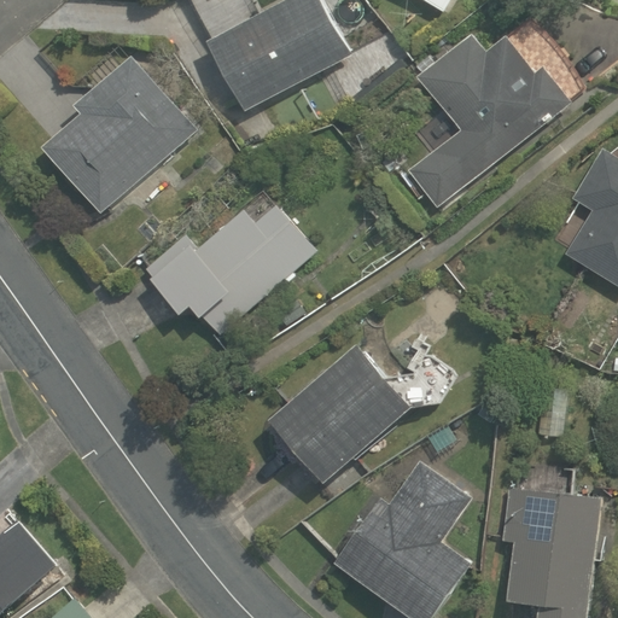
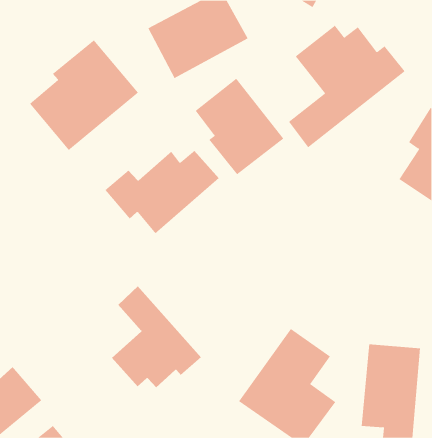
building: none -> [195,78,284,175]
building: [278,352,419,490] -> none
building: none -> [111,286,202,388]

